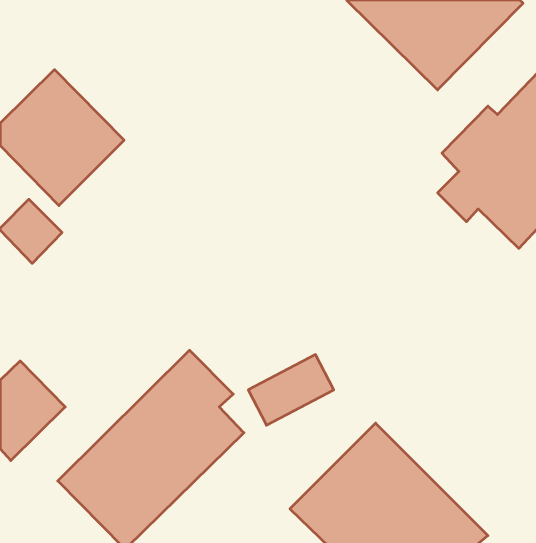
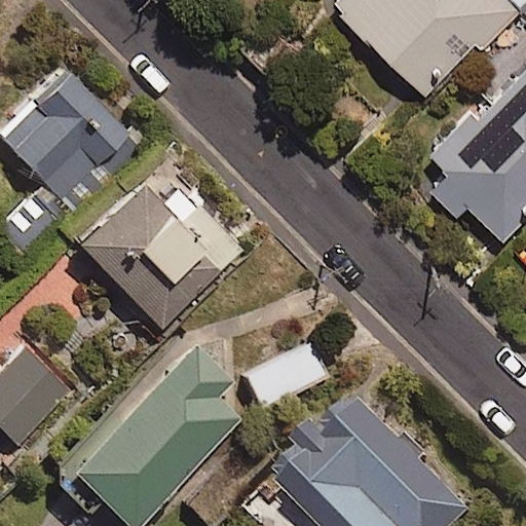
building: none -> [73,180,240,328]

